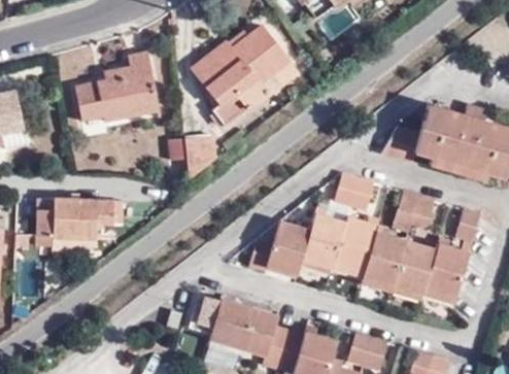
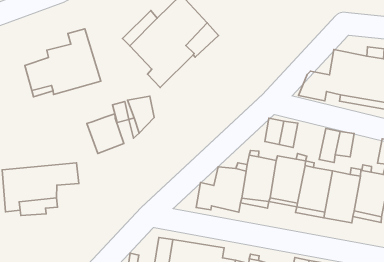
building: none -> [87,113,124,153]

